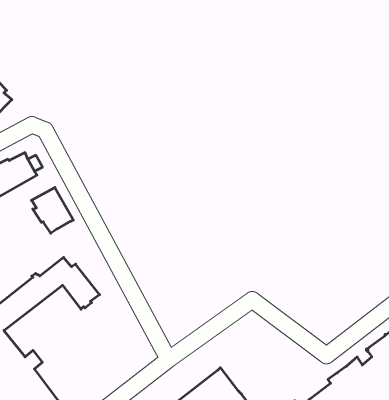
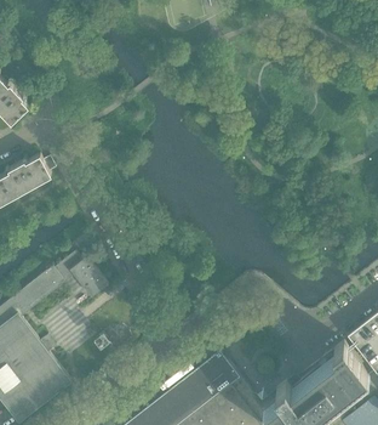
building: [31,187,73,233] -> none

